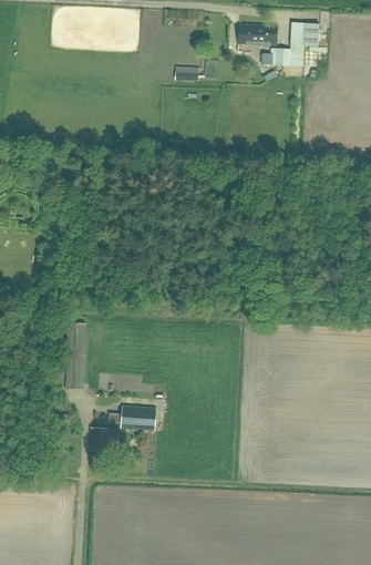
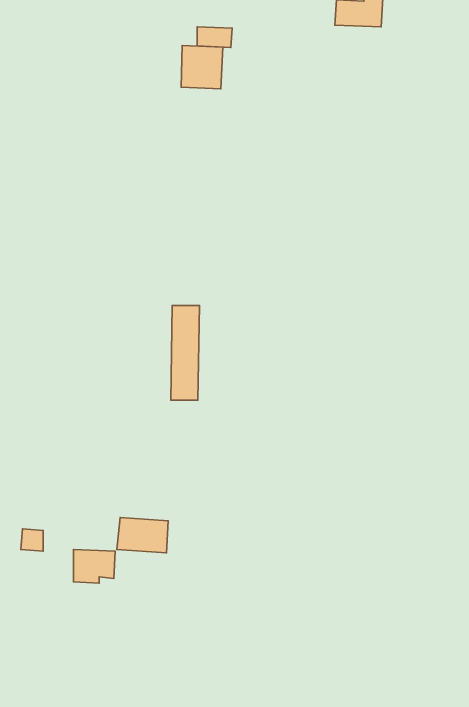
building: none -> [181,45,223,89]
building: [65,322,85,388] -> [171,305,200,400]

